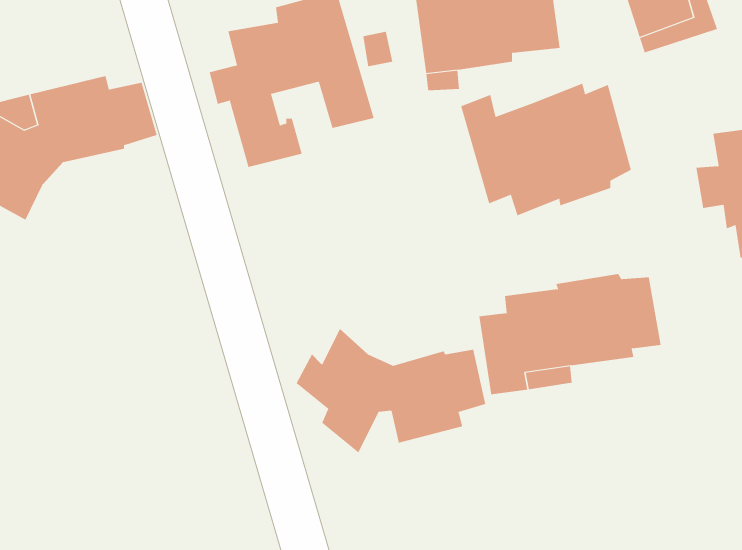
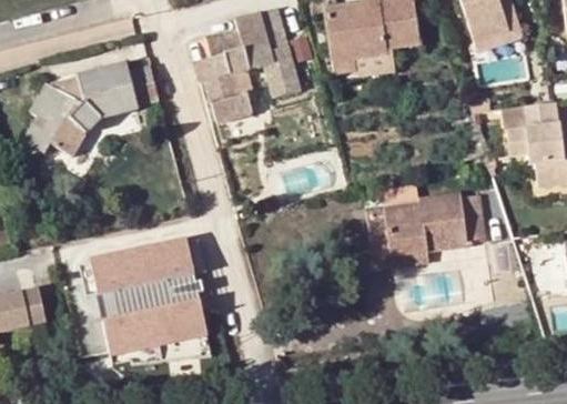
building: [461,83,632,216] -> none
building: [296,328,486,454] -> none
building: none -> [87,238,211,364]

